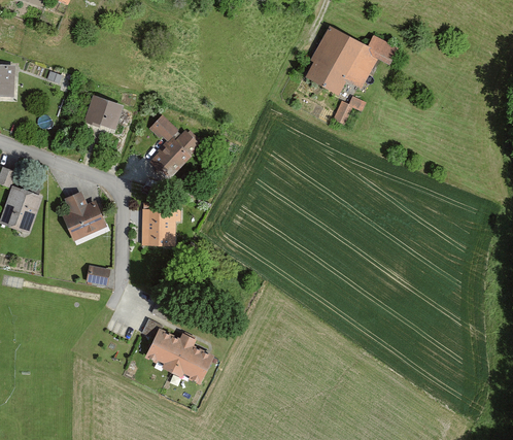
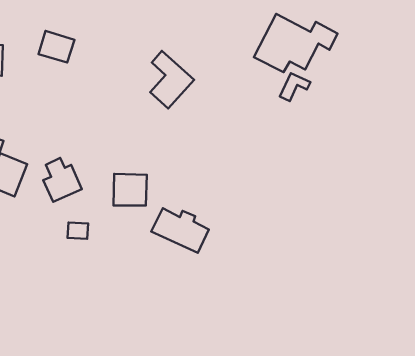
building: [83,95,125,131] -> [38,31,74,62]
building: [149,114,200,180] -> [150,51,194,108]
building: [144,330,210,381] -> [151,208,209,253]

